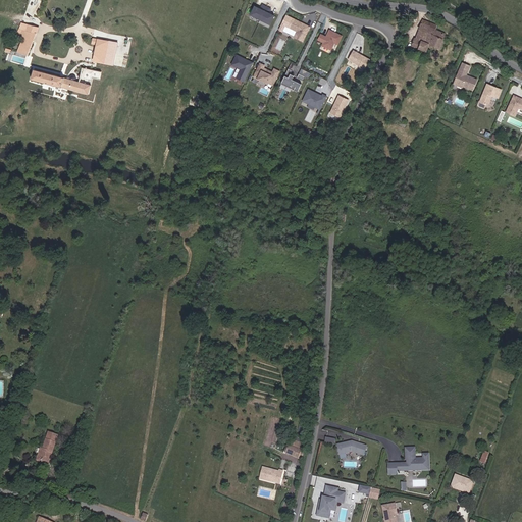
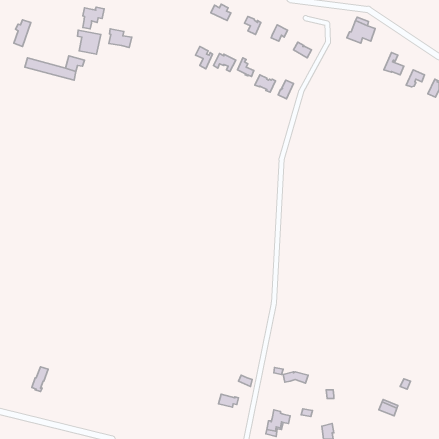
building: none -> [83,7,104,29]
building: none -> [109,29,132,47]
building: [401,446,427,469] -> none

